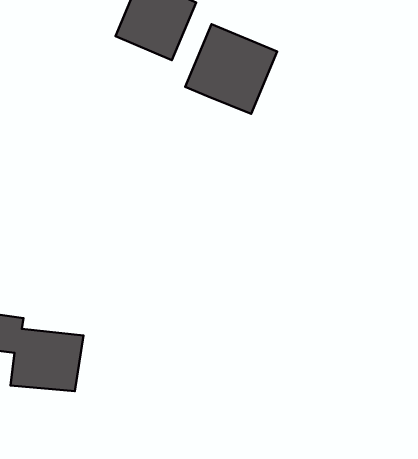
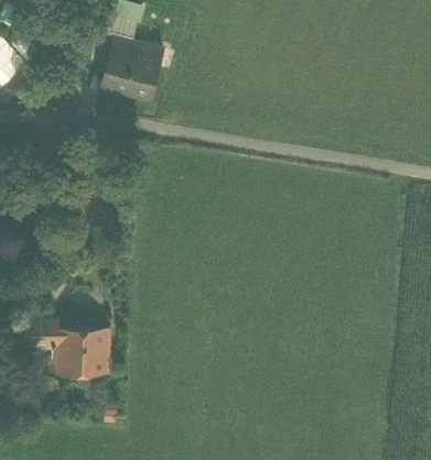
building: [185,24,277,114] -> none

